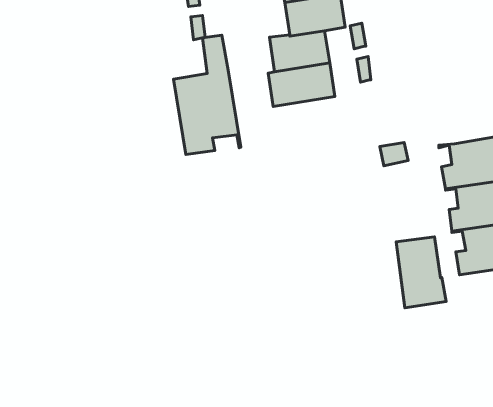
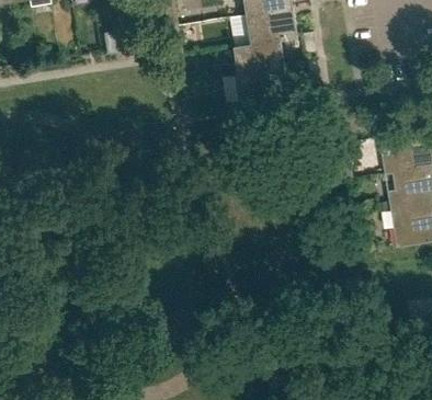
building: [174,35,241,155] -> none
building: [396,237,446,308] -> none

